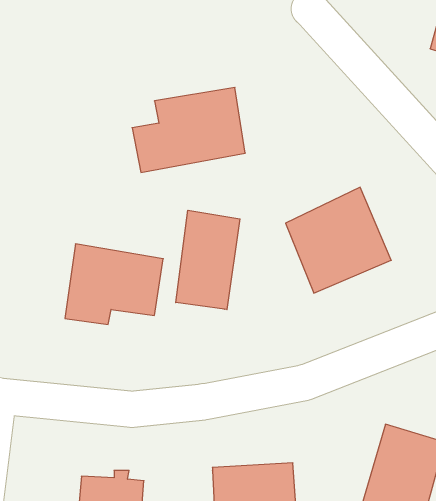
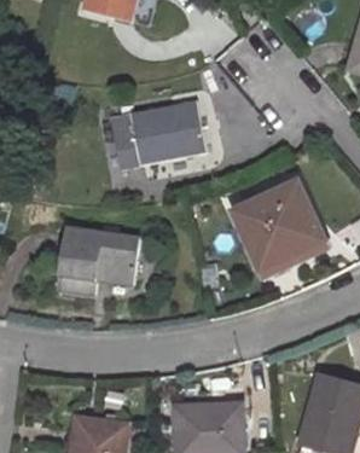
building: [176,210,240,310] -> none

